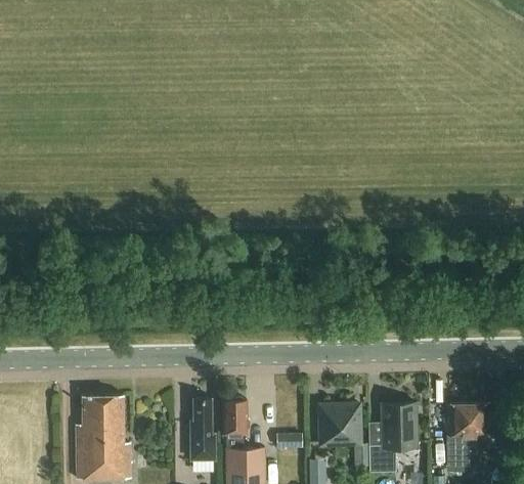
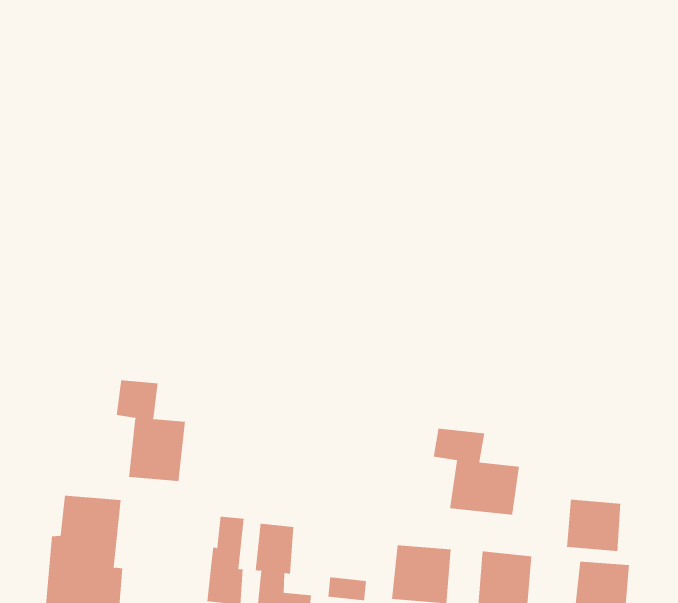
building: none -> [116,379,186,482]
building: none -> [433,428,520,515]
building: none -> [567,499,621,552]

